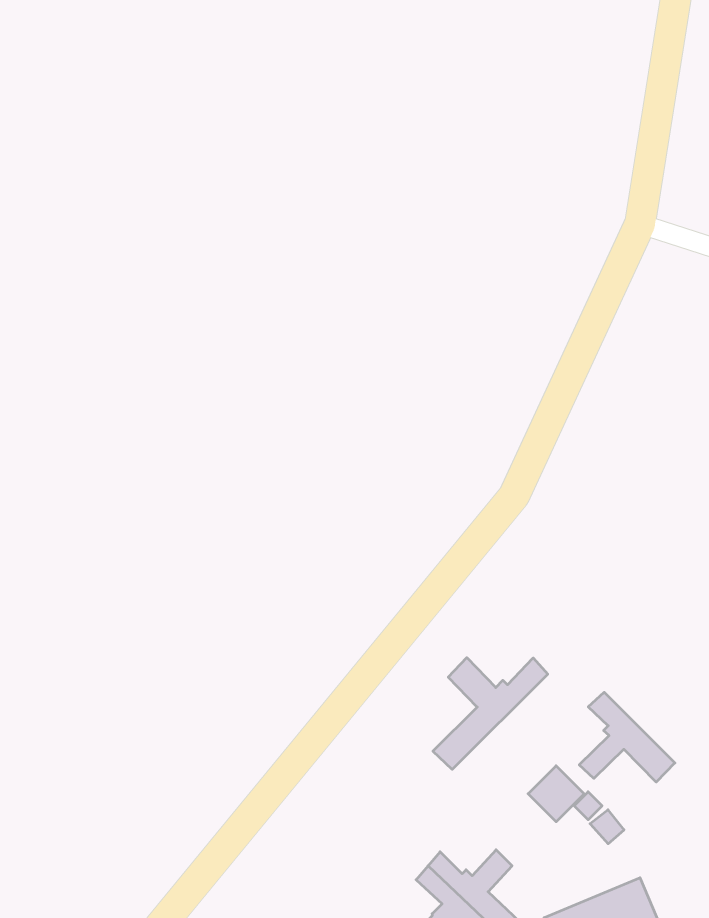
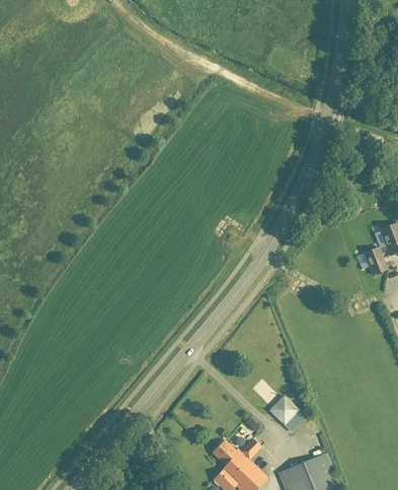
building: [433,658,548,769] -> none
building: [579,692,675,782] -> none

